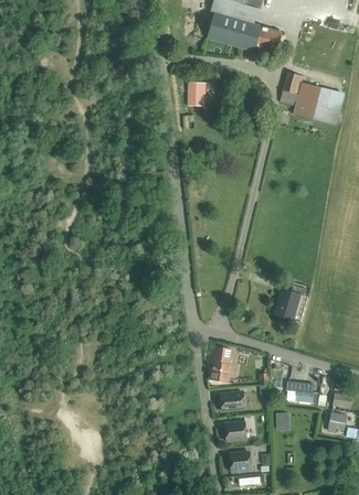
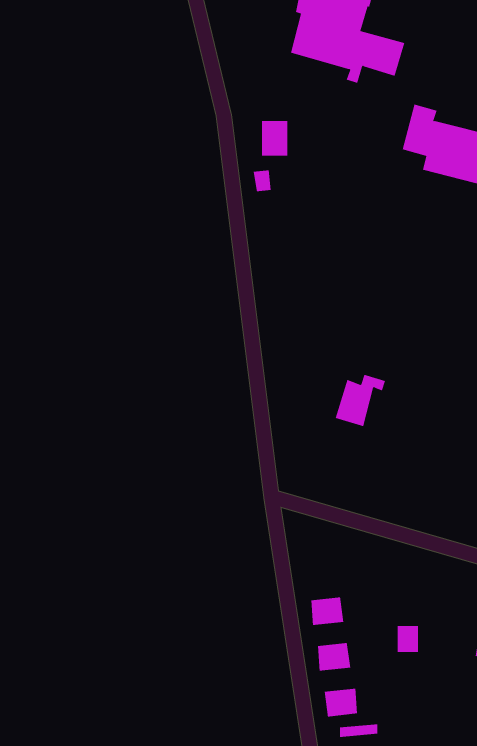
building: [274,284,307,319] -> [335,374,386,427]
building: [209,346,231,381] -> none
building: [286,380,317,402] -> none

